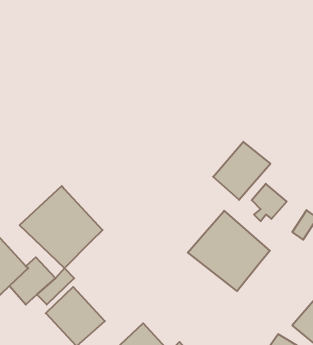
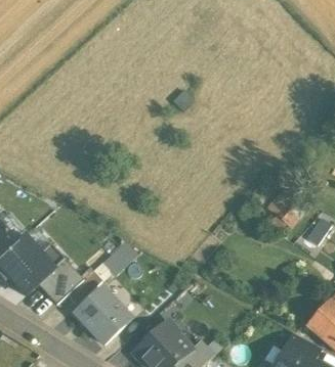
building: [213,142,270,200] -> none
building: [20,186,103,268] -> none
building: [188,211,270,291] -> none

